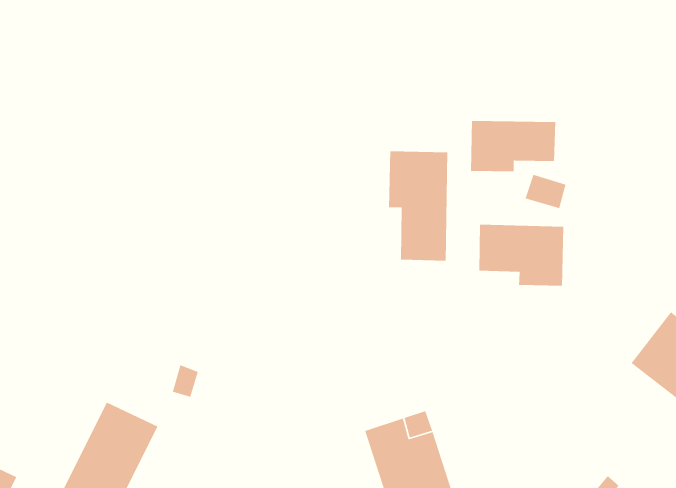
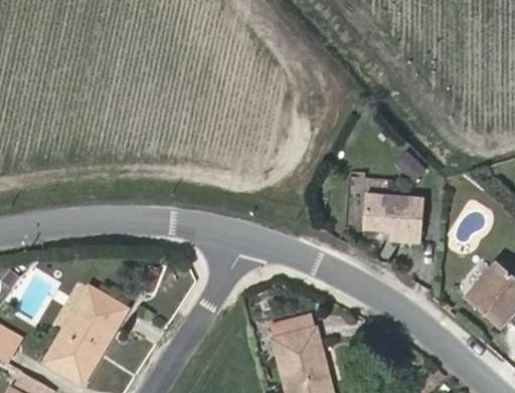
building: [470,120,556,172] -> none
building: [388,151,448,262] -> none

